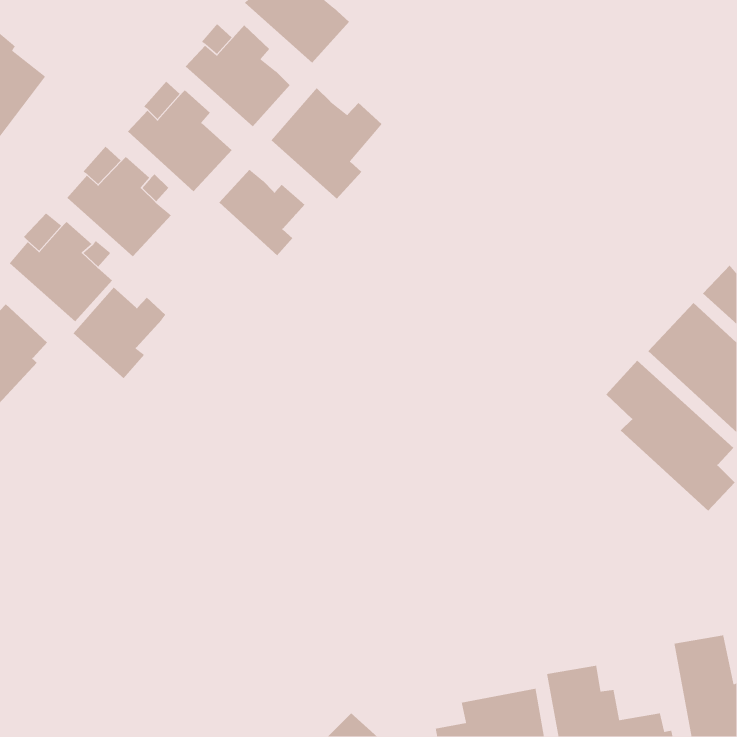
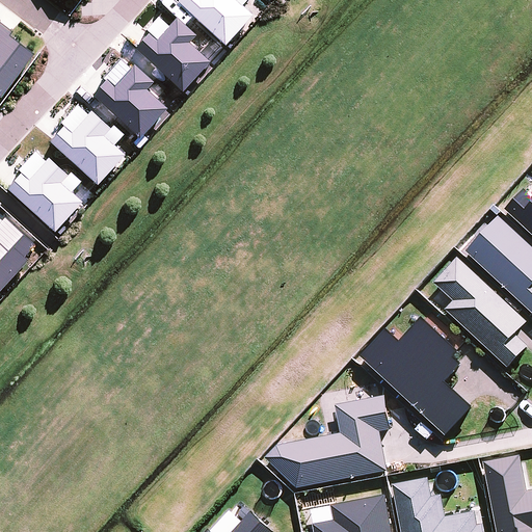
building: [271,87,383,200] -> none
building: [219,169,306,256] -> none
building: [72,286,166,379] -> none
building: none -> [362,320,473,436]
building: none -> [267,396,392,488]

